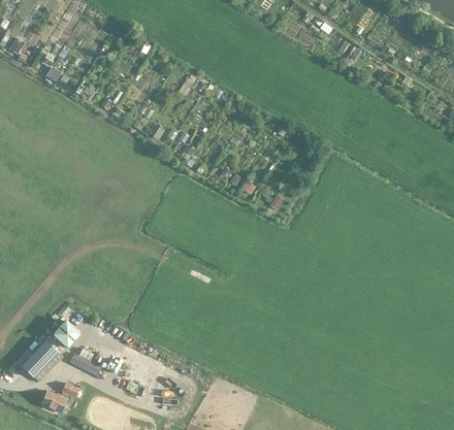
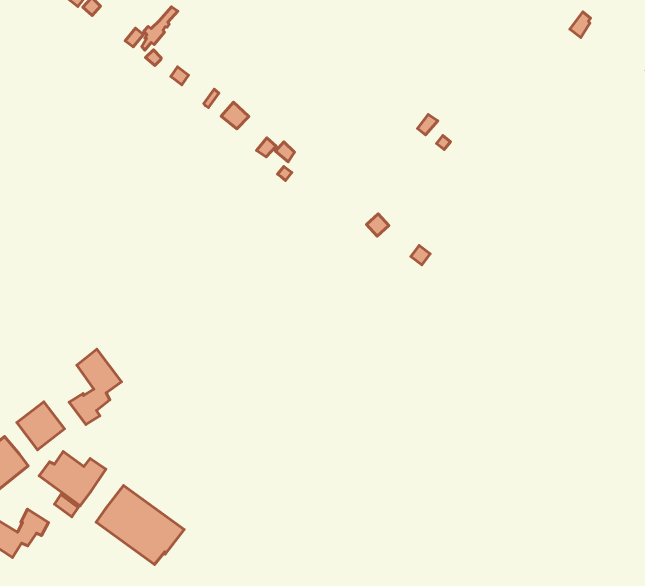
building: none -> [69,349,121,424]
building: none -> [96,486,184,564]

